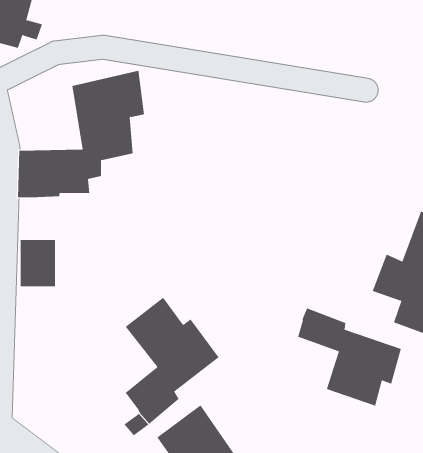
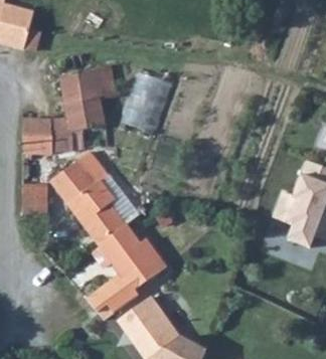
building: none -> [124,67,177,132]
building: none -> [51,154,139,243]
building: [298,308,401,406] -> none

